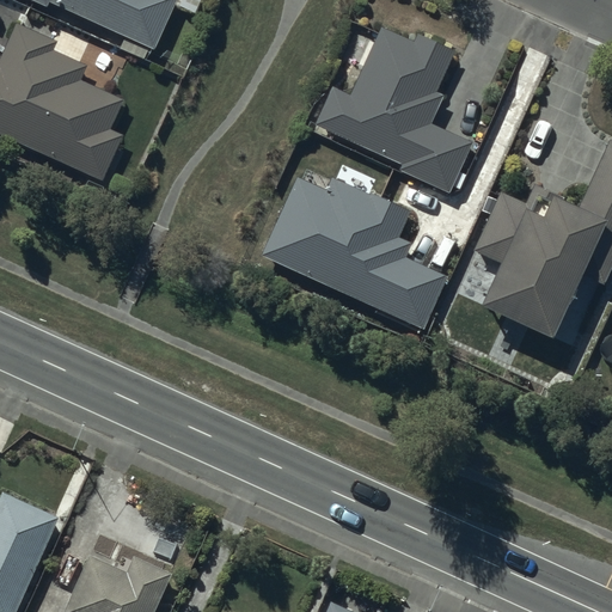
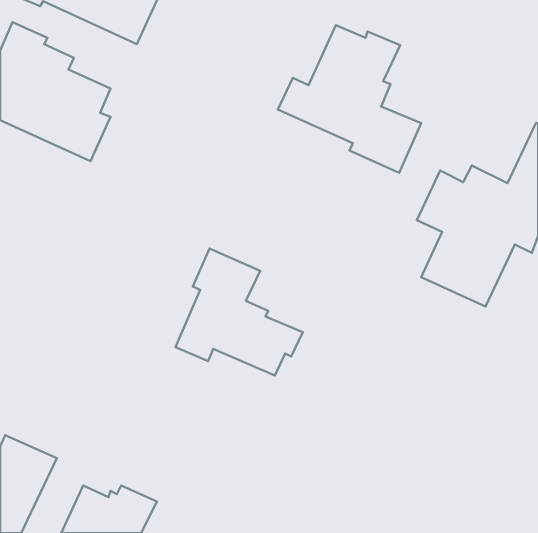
building: [264,177,445,326] -> none
building: none -> [175,249,303,376]

